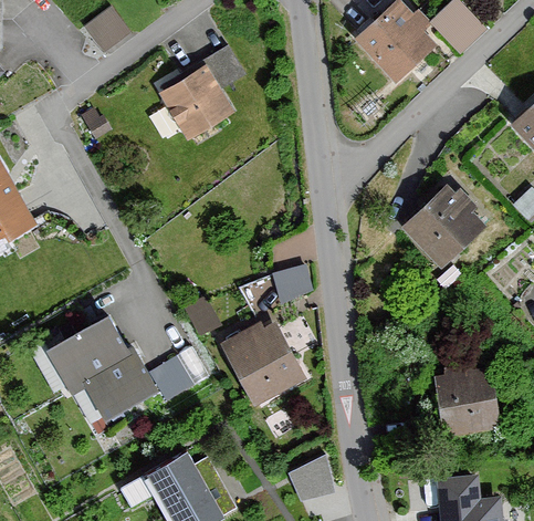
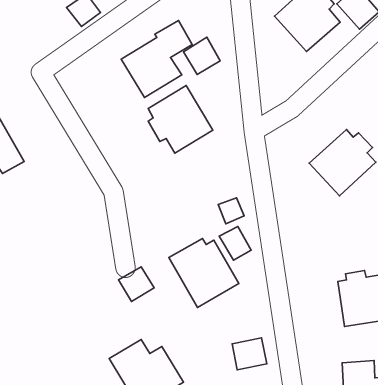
building: none -> [184,37,220,75]
building: none -> [148,85,213,153]
building: none -> [219,227,251,260]
building: [39,313,155,418] -> none

